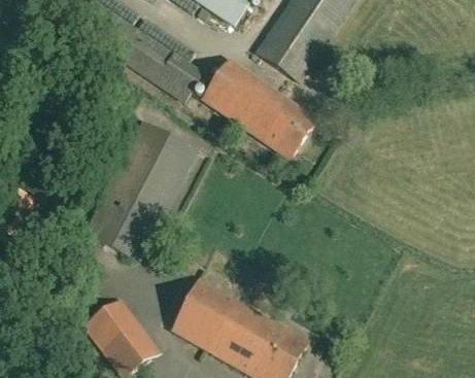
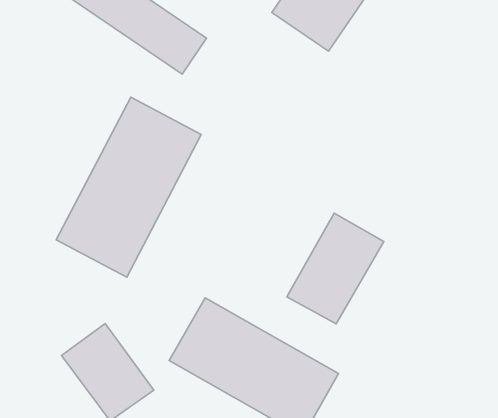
building: [201,60,315,159] -> none
building: none -> [287,213,384,324]

